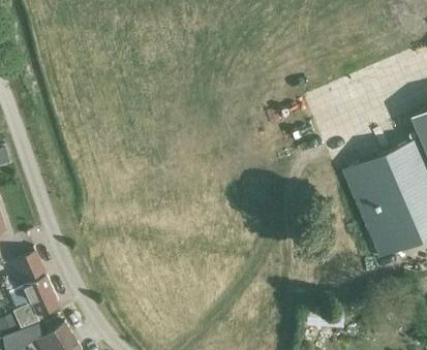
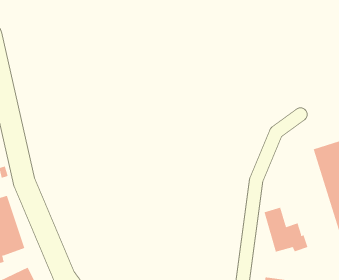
building: none -> [264,207,308,252]

